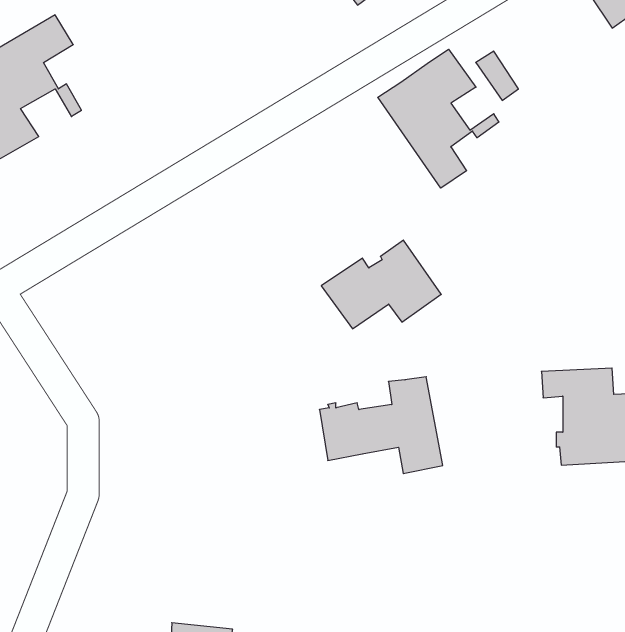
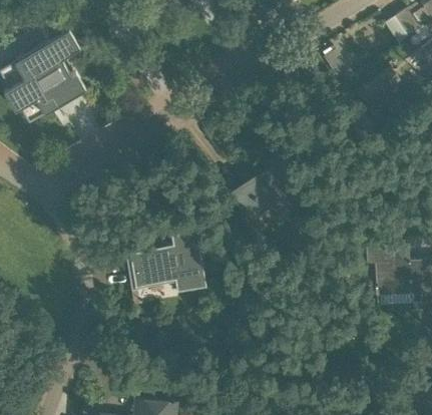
building: [378,49,499,188] -> none
building: [319,377,443,474] -> [128,233,203,292]

